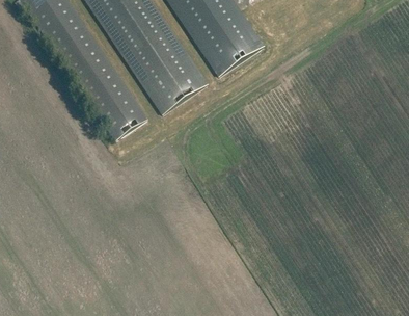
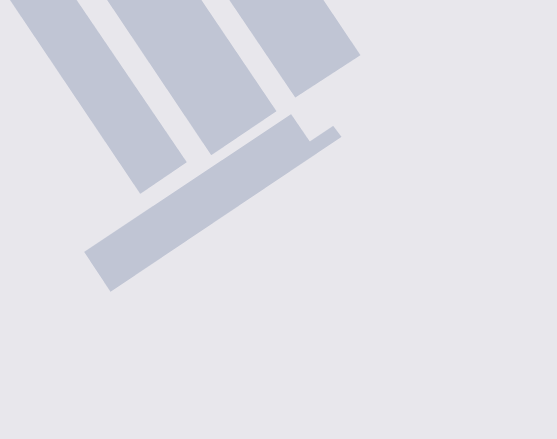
building: none -> [83,113,342,293]

